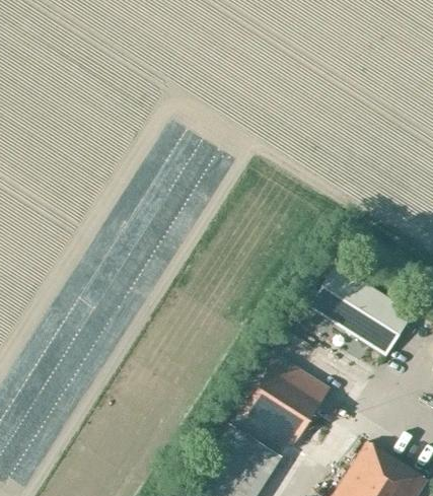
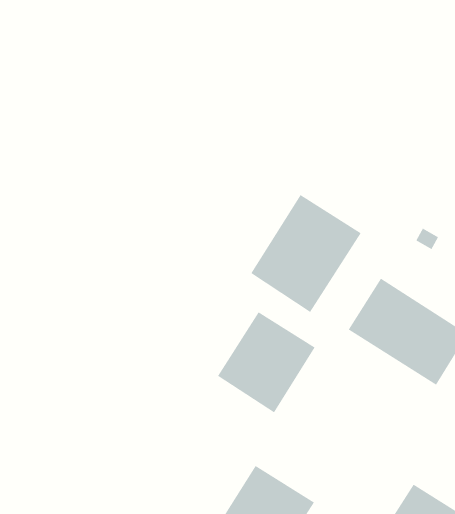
building: none -> [250,194,362,313]
building: [242,358,328,446] -> [217,311,315,413]

